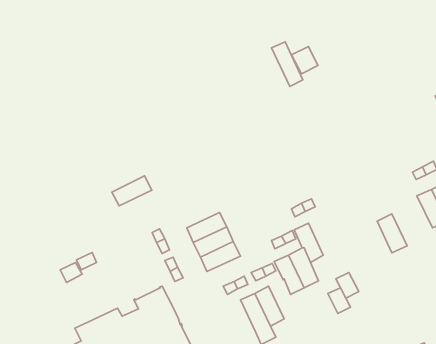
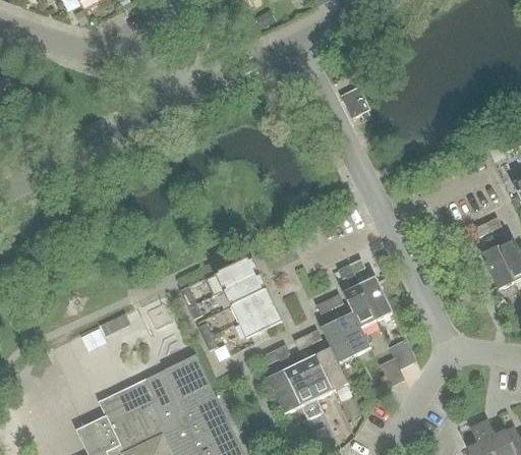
building: [271,42,303,86] -> none
building: [112,176,152,206] -> [214,255,258,289]
building: [377,214,407,253] -> [358,276,392,320]
building: none -> [313,346,348,391]
building: none -> [267,369,299,413]

